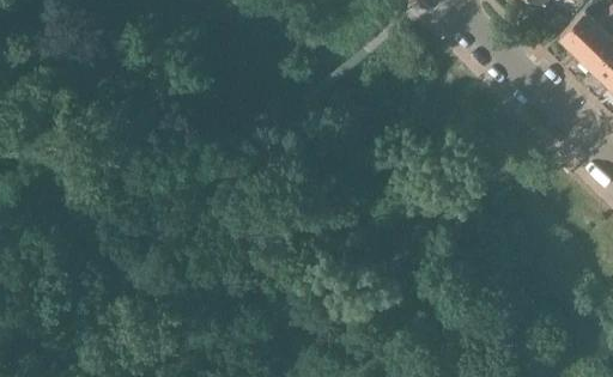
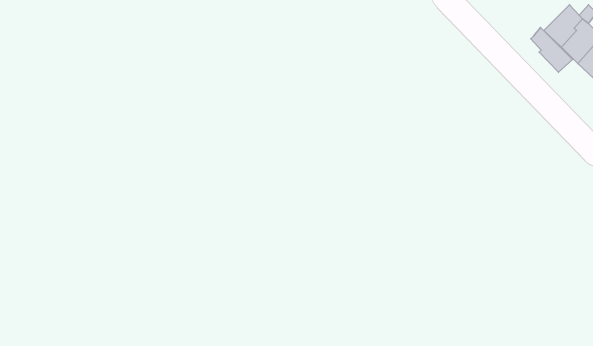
building: none -> [531,27,573,72]

